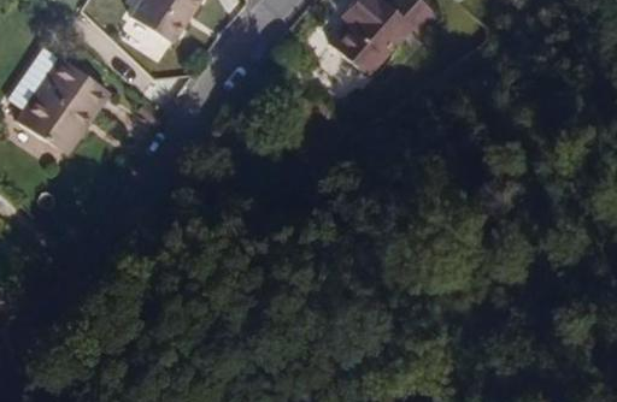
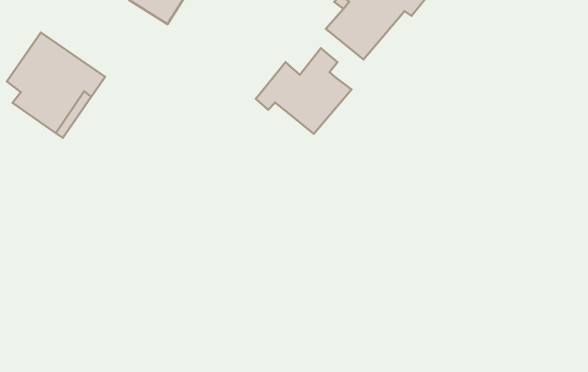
building: none -> [256,48,352,134]

